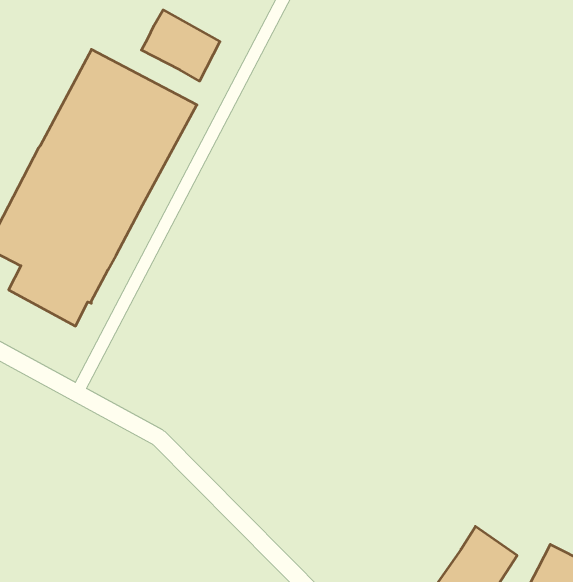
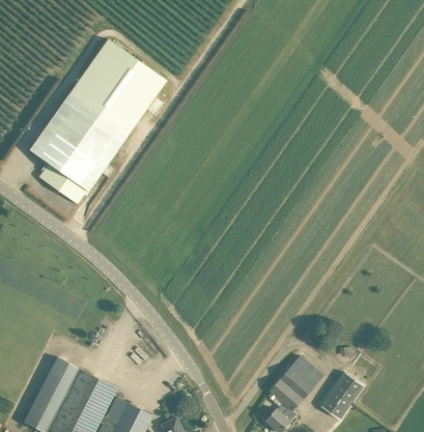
building: [141,10,220,81] -> none

